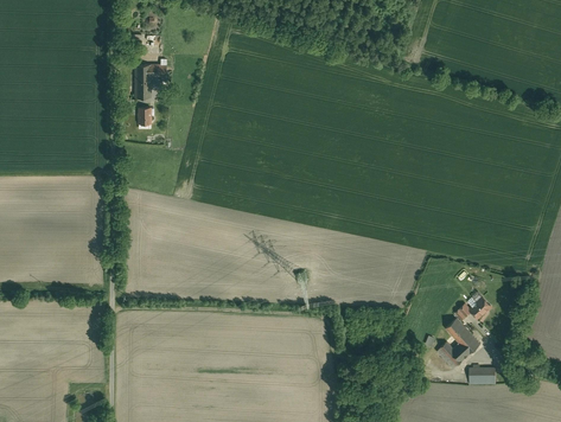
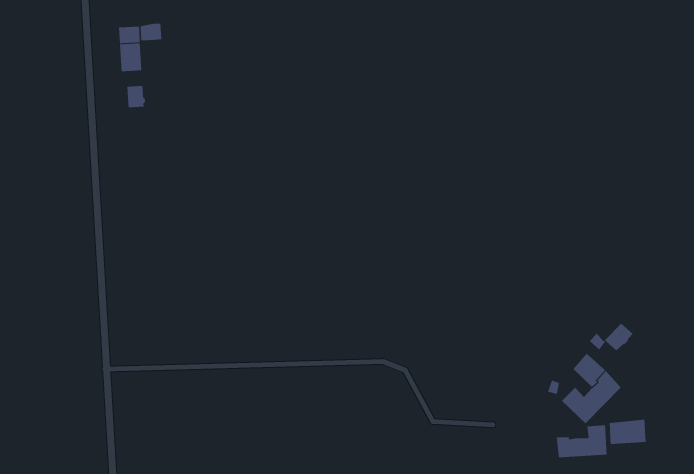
building: none -> [556,424,607,458]

